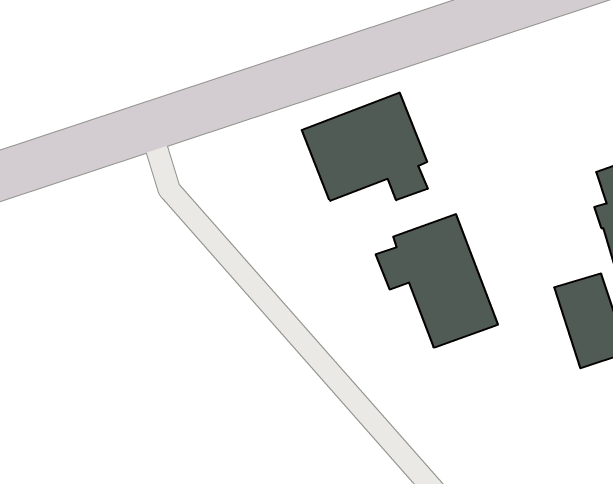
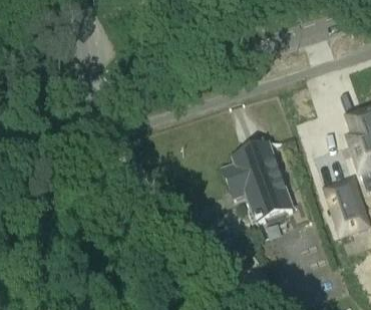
building: [302,93,428,201] -> none

